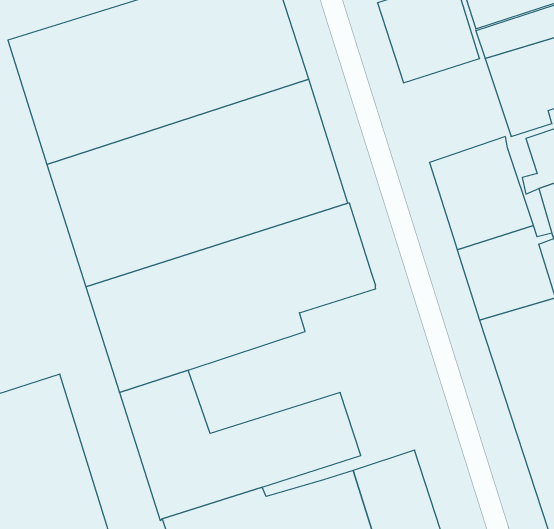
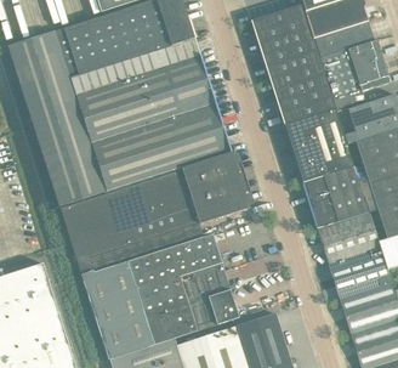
building: none -> [267,56,334,124]
building: none -> [126,232,226,301]

